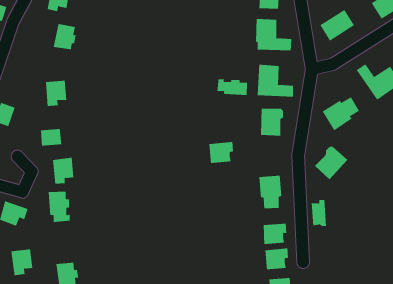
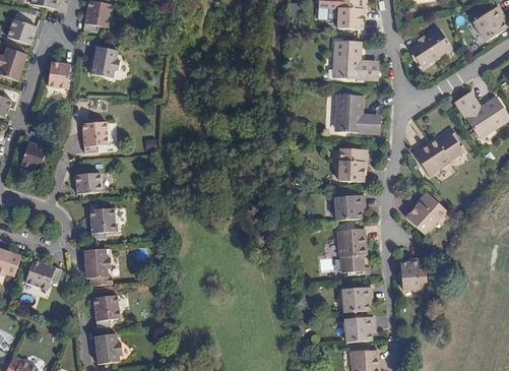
building: none -> [47,60,69,87]
building: [217,78,248,96] -> none
building: [209,141,234,163] -> [335,193,366,220]
building: [10,249,33,276] -> [92,294,120,326]

